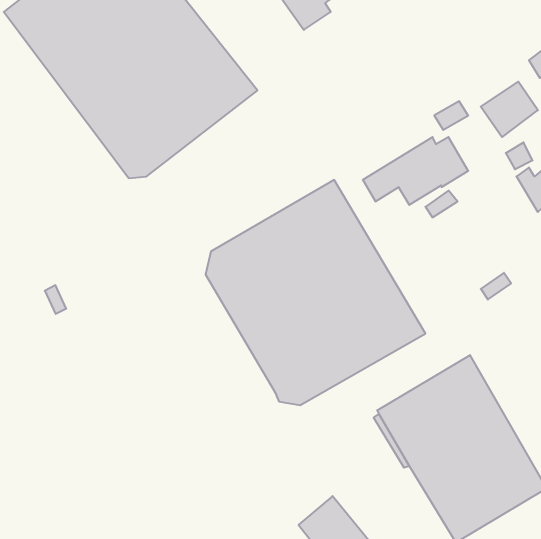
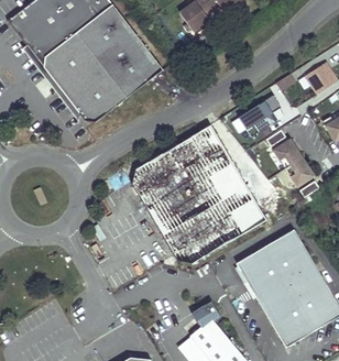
building: none -> [274,140,315,187]

